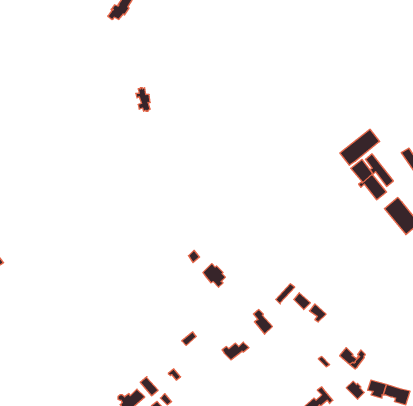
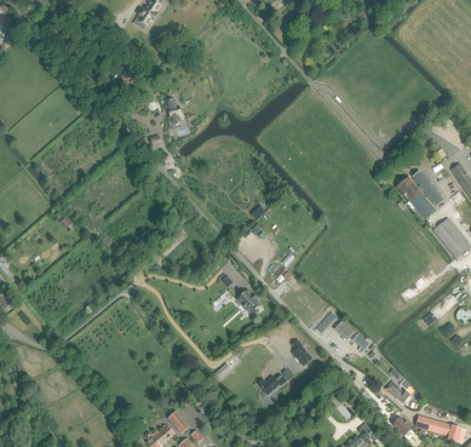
building: [340,129,380,165] -> none

